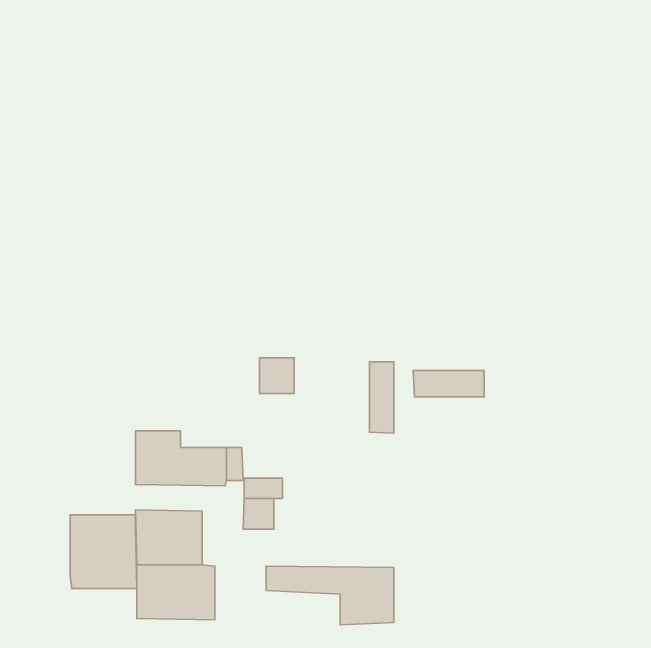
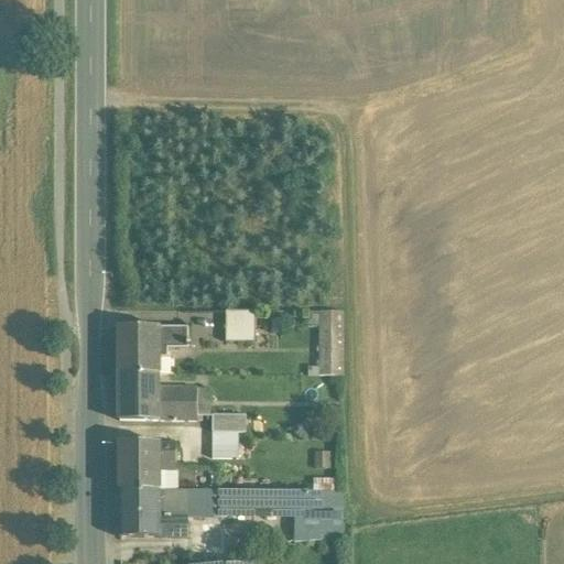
building: [413,371,484,397] -> none
building: none -> [117,324,186,371]
building: [70,515,137,588] -> none
building: none -> [185,488,229,513]

